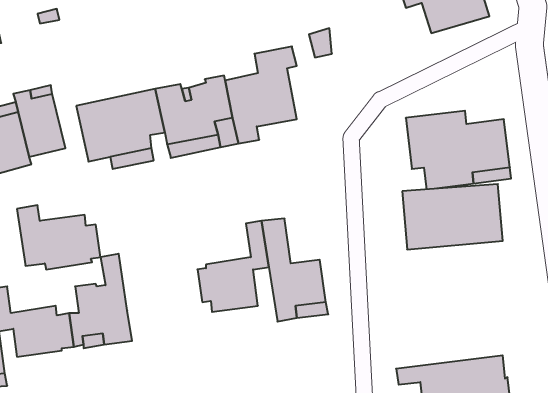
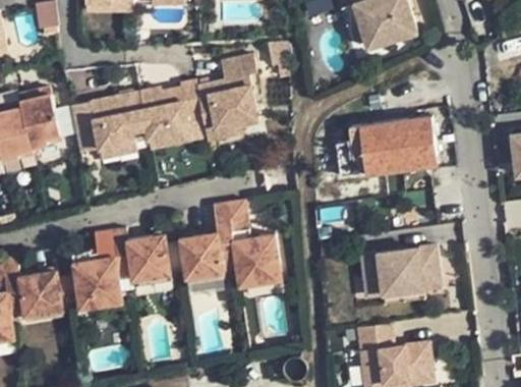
building: [402,184,503,249] -> [360,244,445,299]
building: [17,205,101,269] -> [106,229,176,283]

